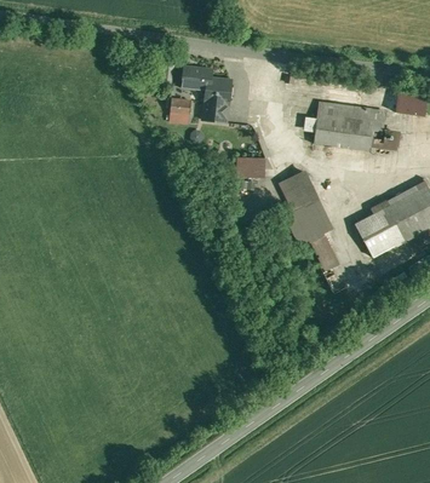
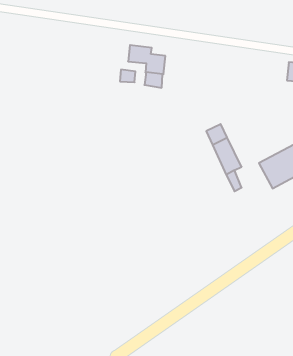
building: [314,102,375,150] -> none
building: [234,156,262,177] -> none

